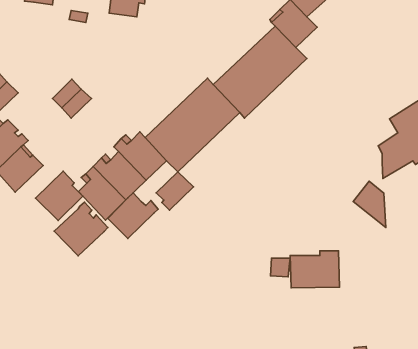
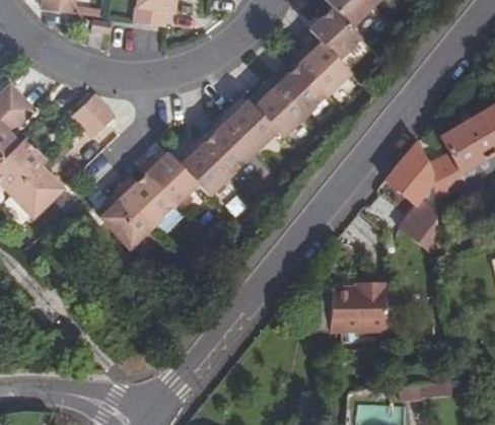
building: none -> [385,144,435,220]
building: [35,171,83,220] -> none
building: [156,172,193,210] -> none
building: [108,193,158,239] -> none
building: [54,202,108,256] -> none

